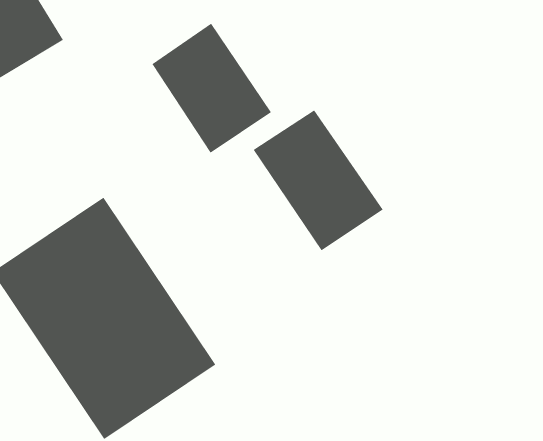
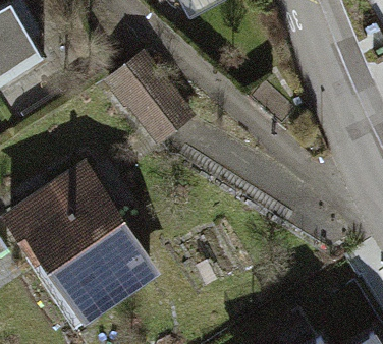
building: [253,109,383,251] -> none

